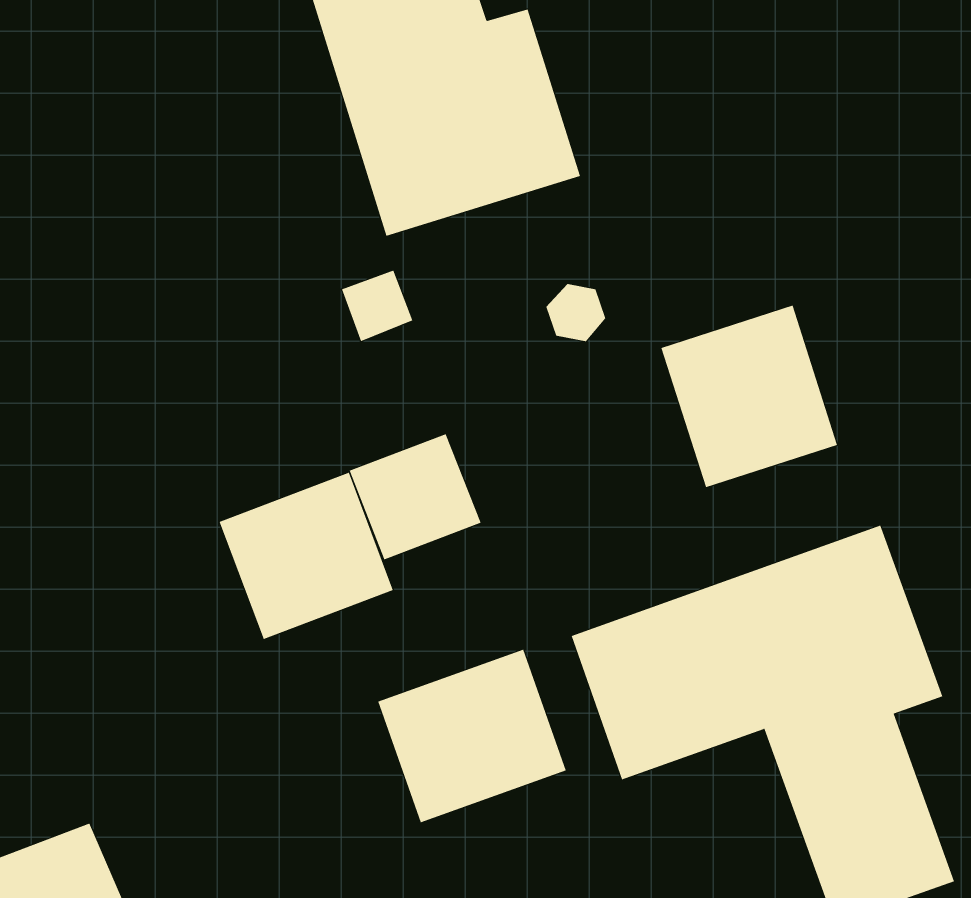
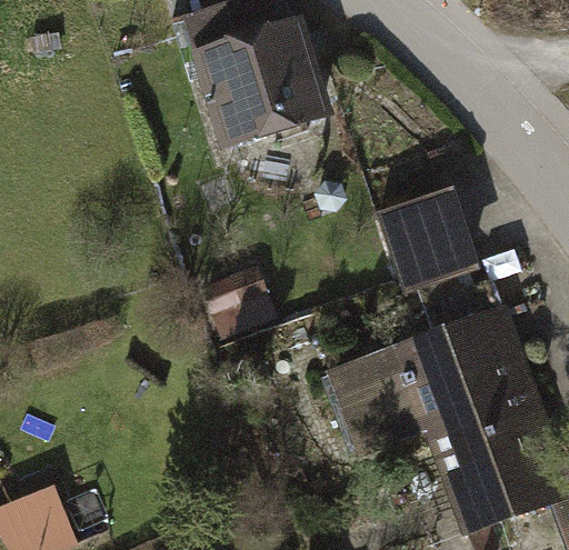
building: [219,472,394,640] -> none
building: [377,649,566,823] -> none

